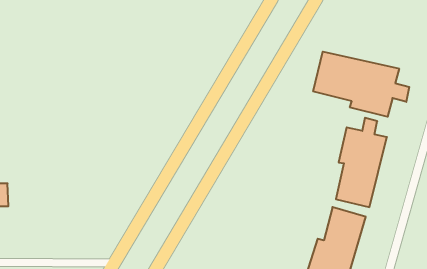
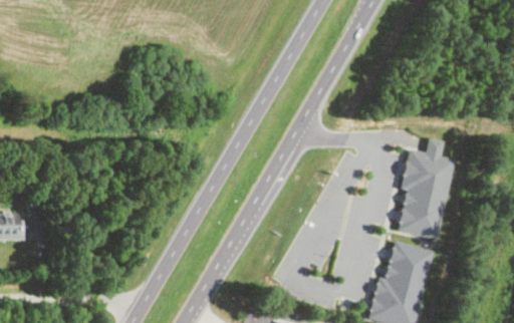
building: [313,52,409,117] -> none

